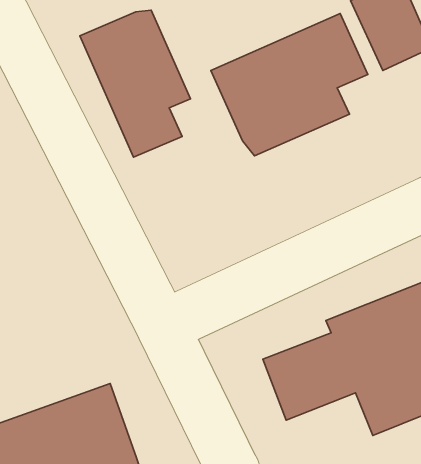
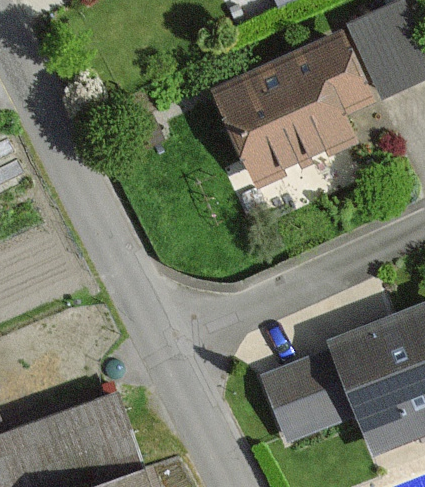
building: [80,10,191,157] -> none

